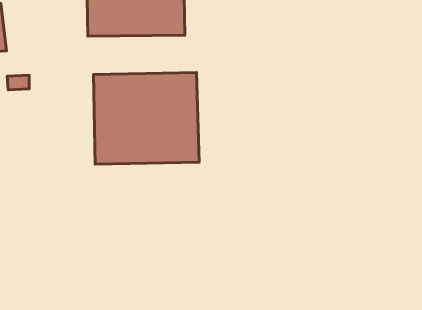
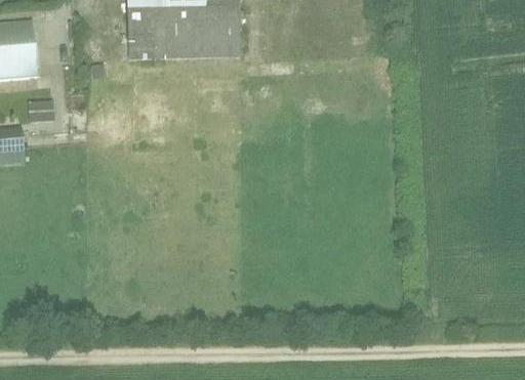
building: [93,72,199,164] -> none

